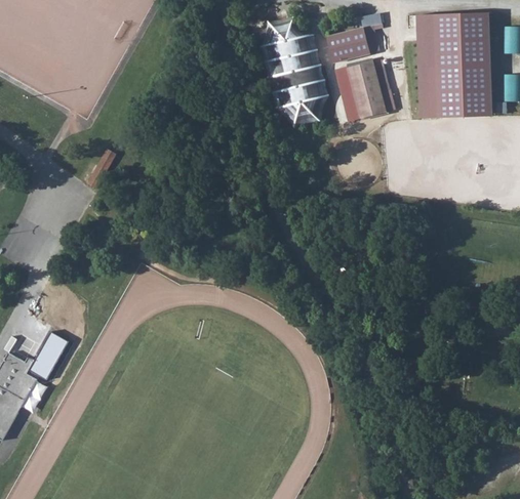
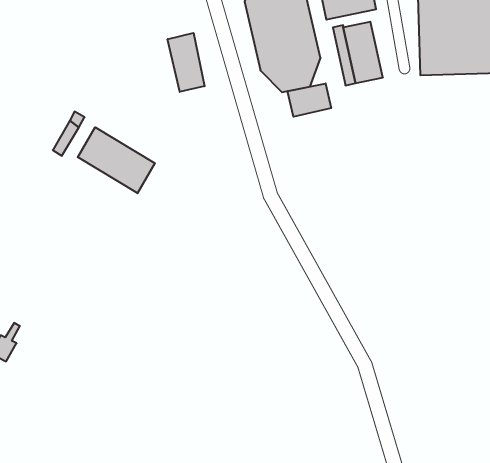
building: none -> [168,33,205,92]
building: none -> [288,83,331,117]
building: none -> [78,127,155,193]

